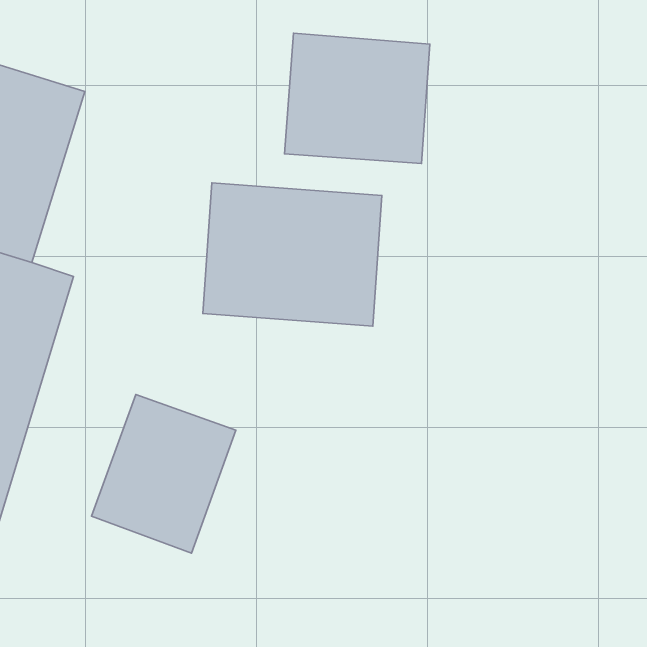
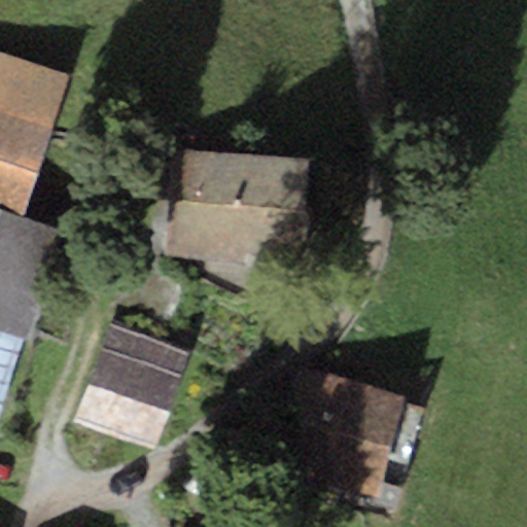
building: [285,33,430,164] -> none
building: none -> [266,362,403,498]

